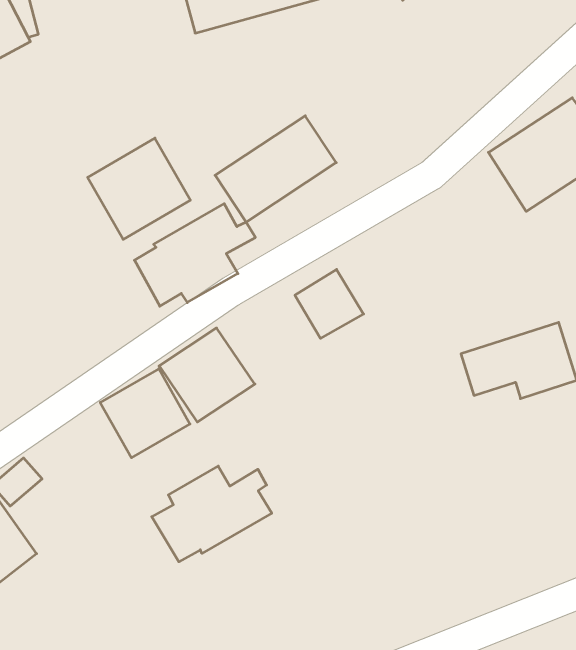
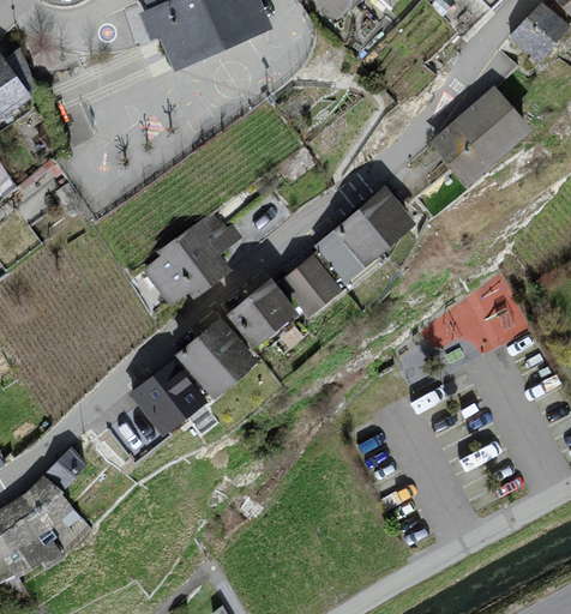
building: [215,116,336,222] -> [314,187,415,283]
building: [88,138,190,239] -> none
building: none -> [226,281,296,348]
building: [152,466,272,562] -> none

